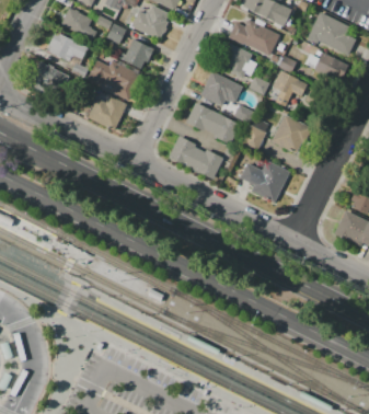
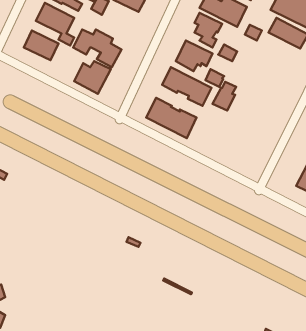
building: [124,38,154,69] -> none
building: [273,70,309,97] -> none
building: [272,114,311,154] -> none
building: [240,160,291,204] -> none

